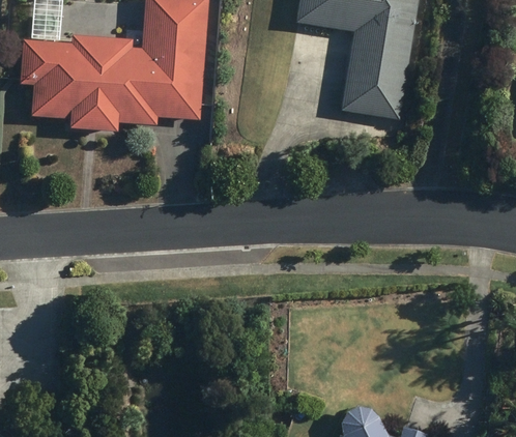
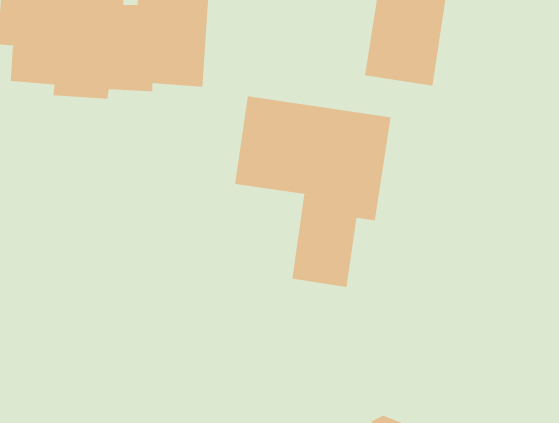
building: none -> [234,95,391,288]

